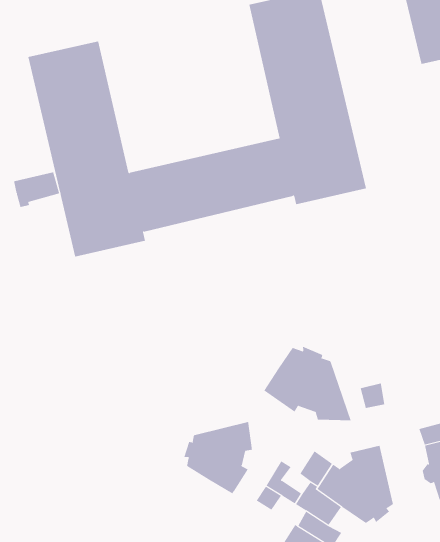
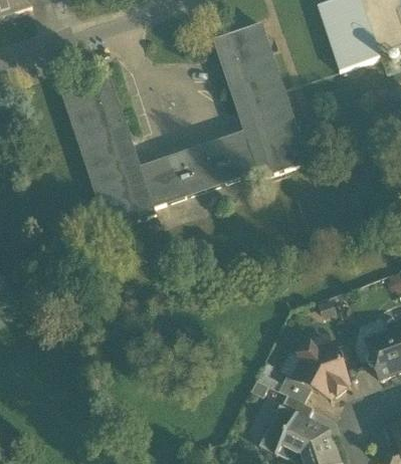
building: [14,171,60,208] -> none
building: [264,346,351,421] -> none
building: [184,421,253,494] -> none

